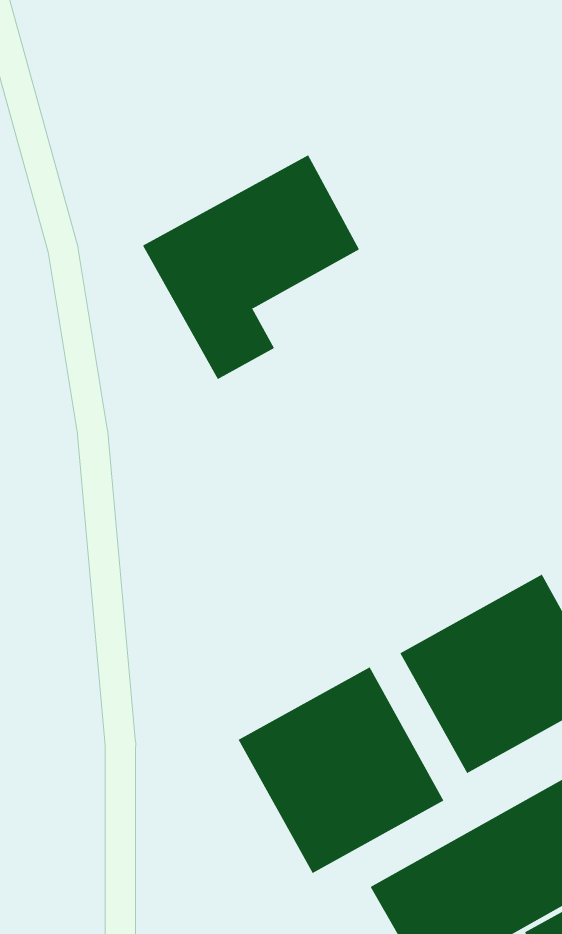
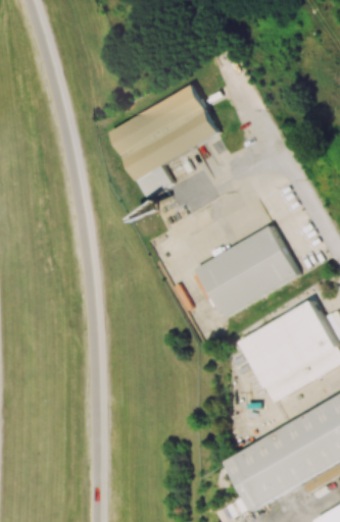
building: none -> [193,225,297,318]
building: [238,666,444,874] -> none

